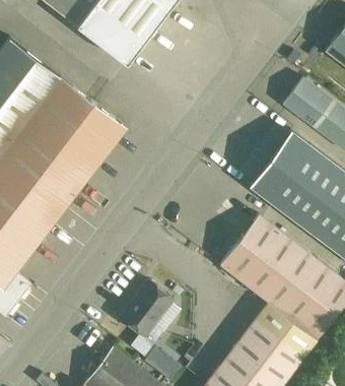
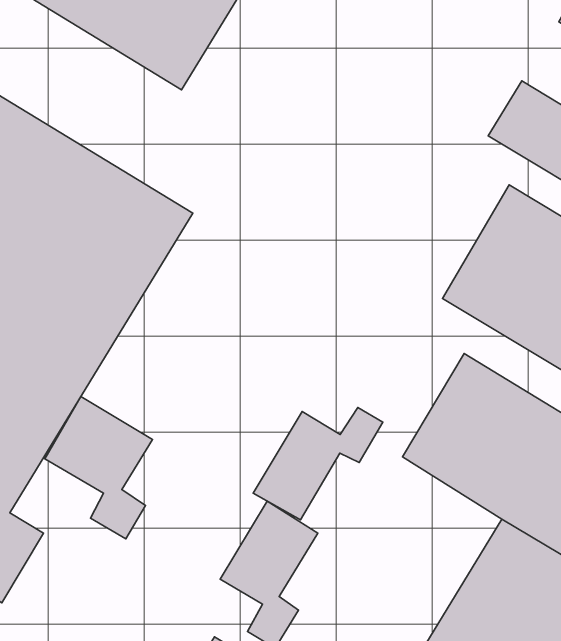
building: none -> [45,397,152,539]
building: none -> [253,407,383,520]

